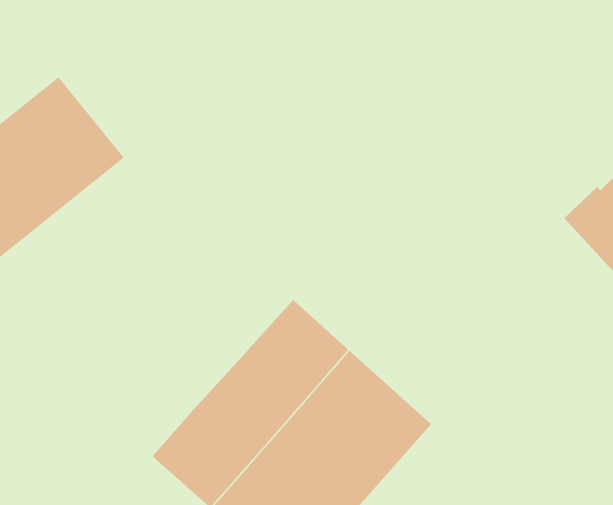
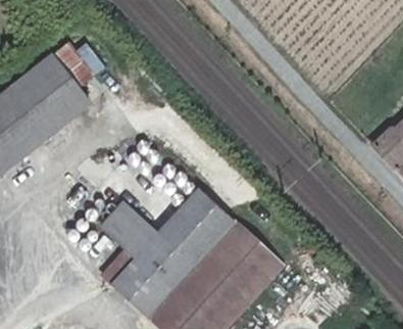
building: none -> [101,199,158,257]

